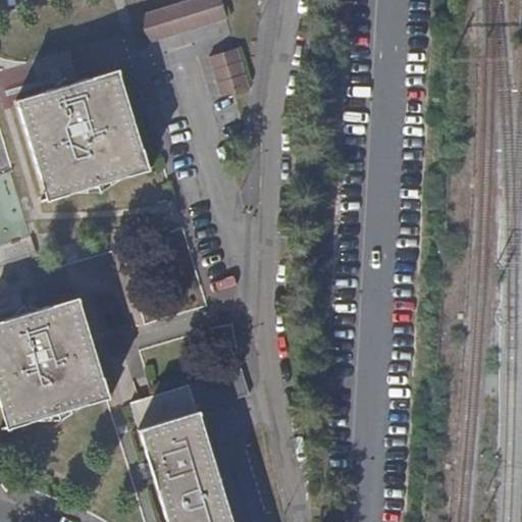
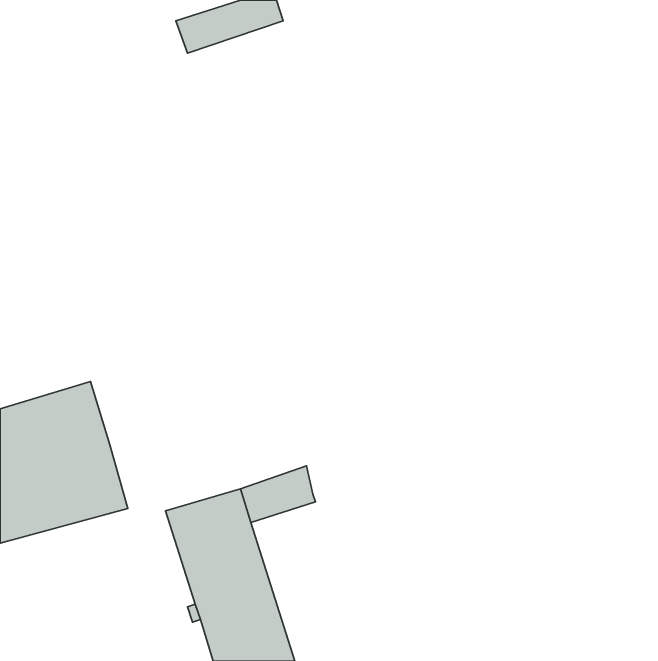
building: [209,49,247,95] -> none
building: [16,73,146,200] -> none

